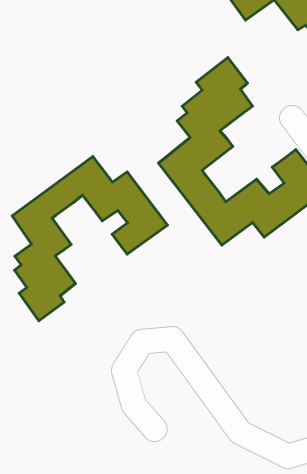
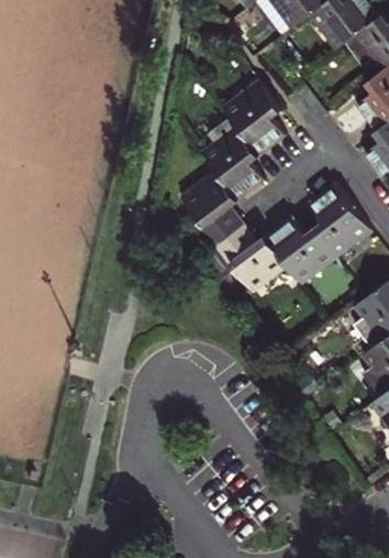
building: [12,157,167,321] -> none

